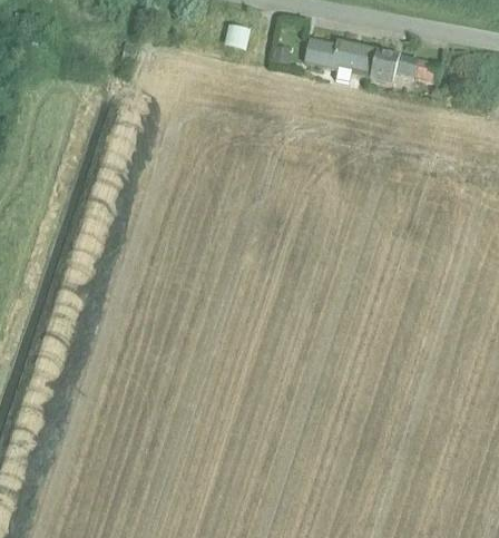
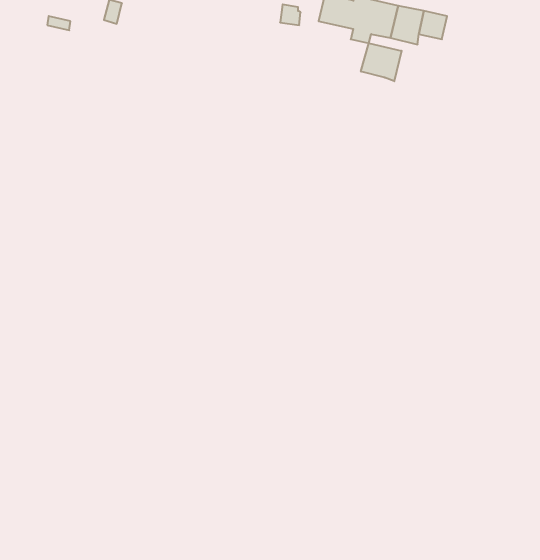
building: none -> [361,43,402,81]

